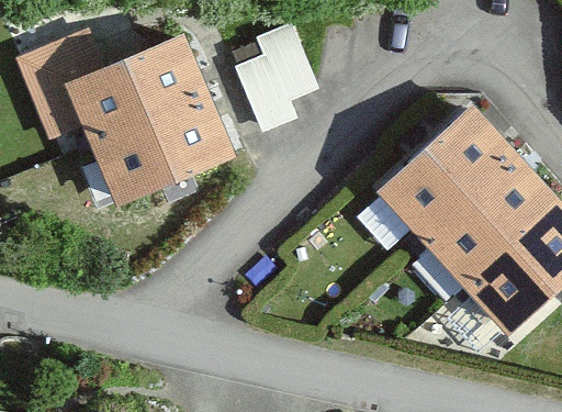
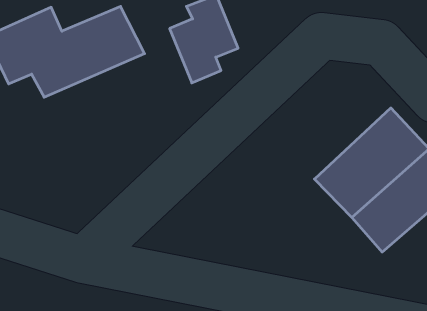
building: [86,87,237,210] -> none
building: [374,110,514,242] -> none

